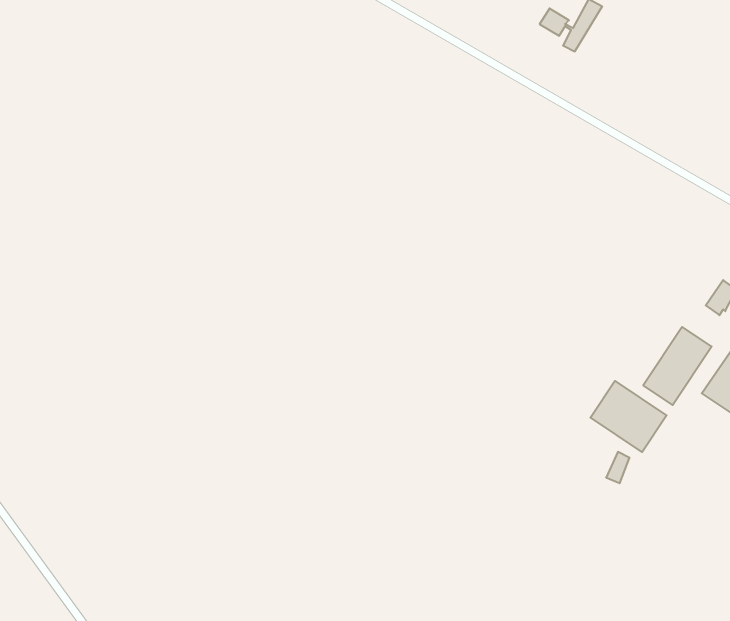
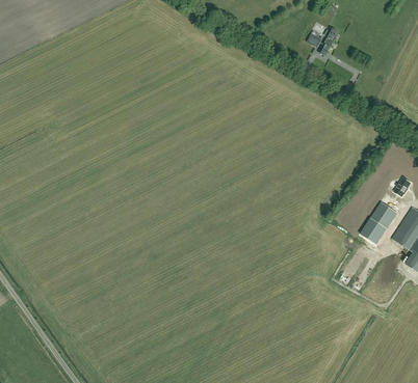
building: [590,381,667,452] -> none

